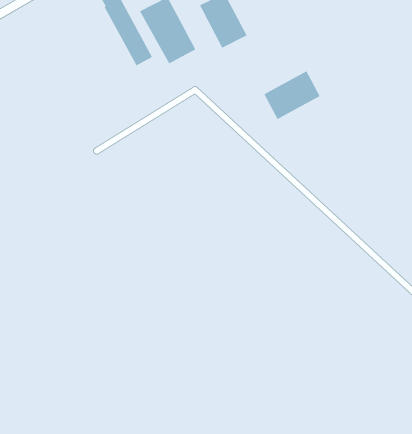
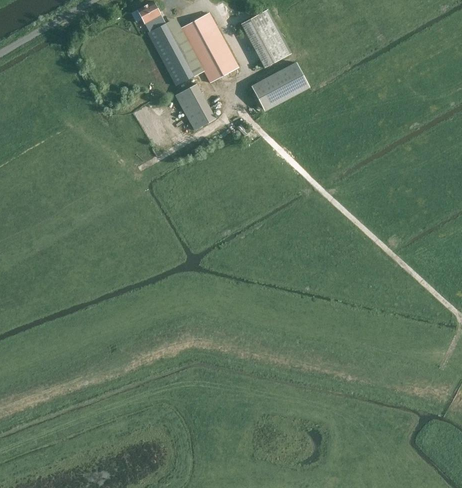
building: none -> [175,83,217,130]
building: [264,71,321,120] -> [251,61,309,111]

